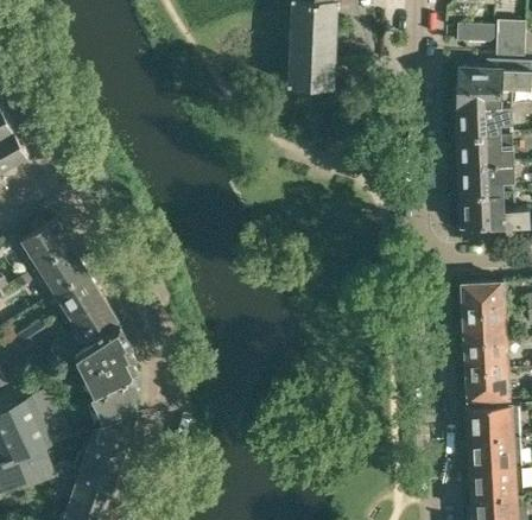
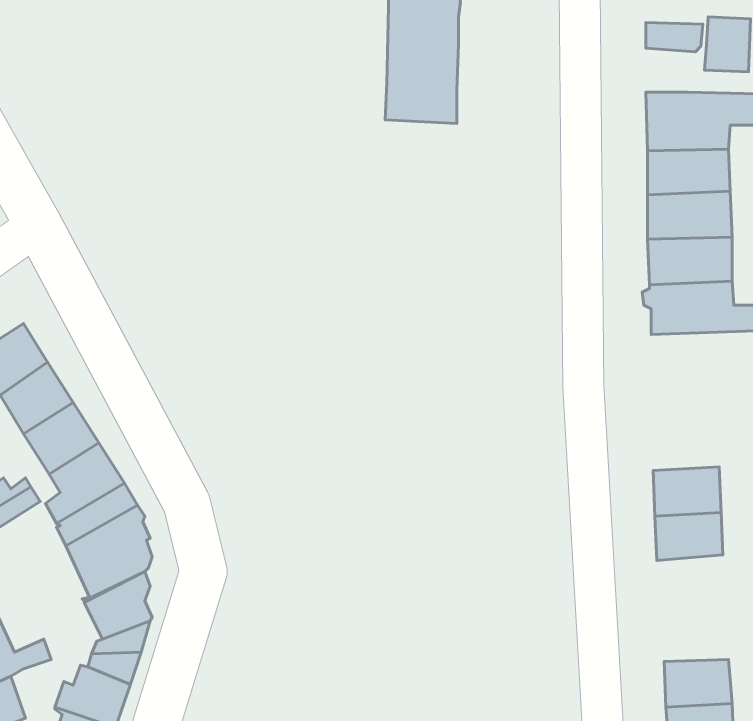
building: [460,283,504,315] -> none
building: [463,369,507,400] -> none
building: [466,405,509,438] -> none

